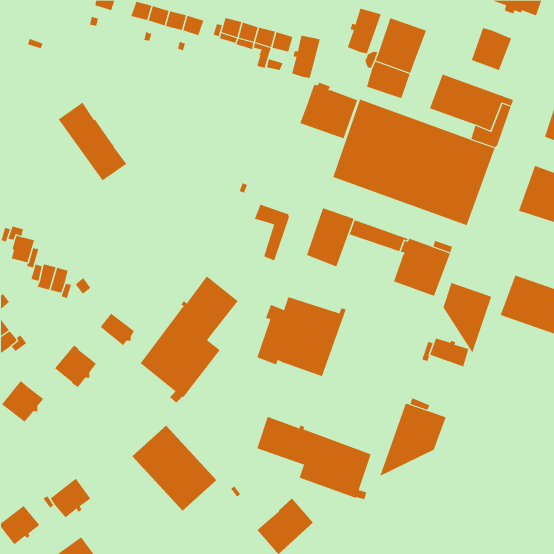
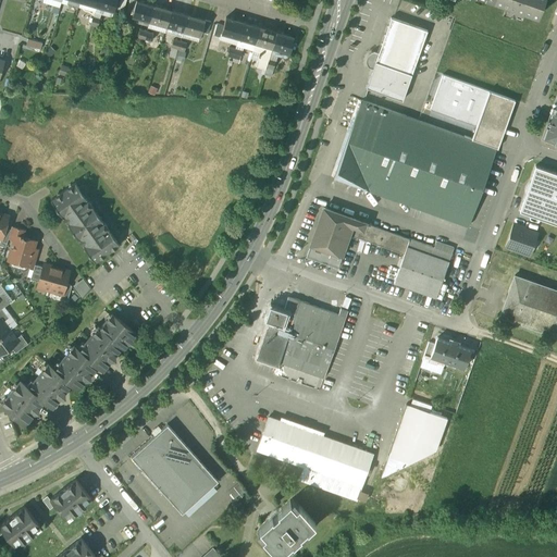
building: [347,8,381,54] -> none
building: [471,27,512,71] -> none
building: [291,35,321,79] -> none
building: [299,82,358,139] -> none
building: [58,102,127,181] -> [51,184,121,263]
building: [254,204,290,261] -> none
building: none -> [508,226,536,255]
building: [140,275,239,404] -> none
building: [443,282,492,354] -> none
building: none -> [81,327,123,370]
building: none -> [29,364,73,408]

